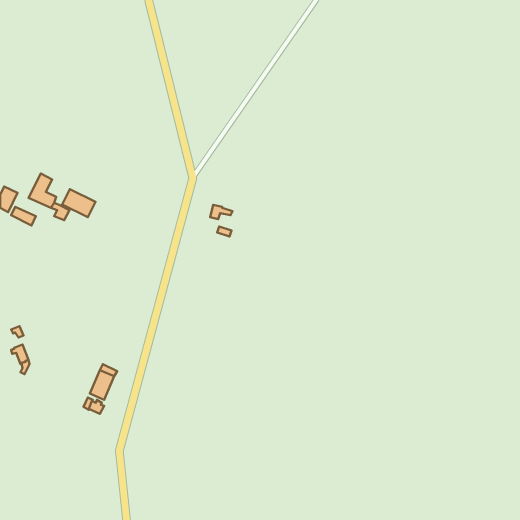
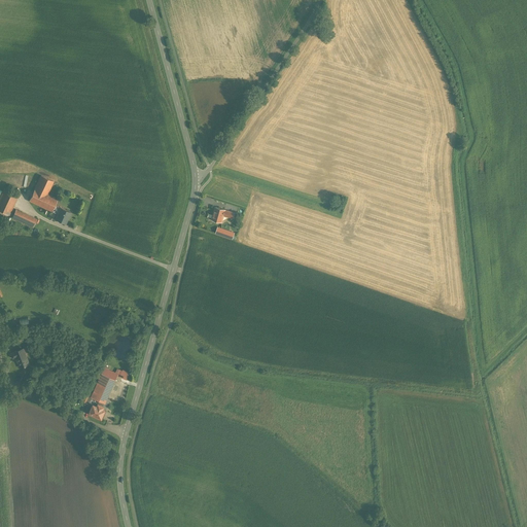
building: [62,189,95,217] -> none

